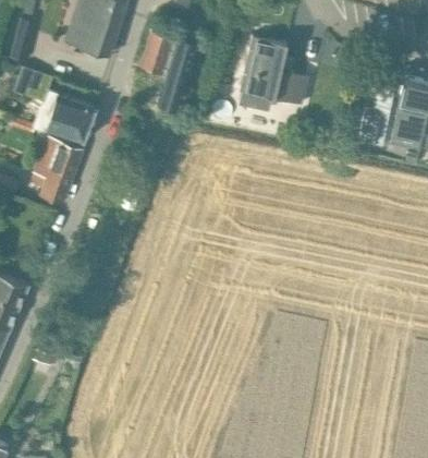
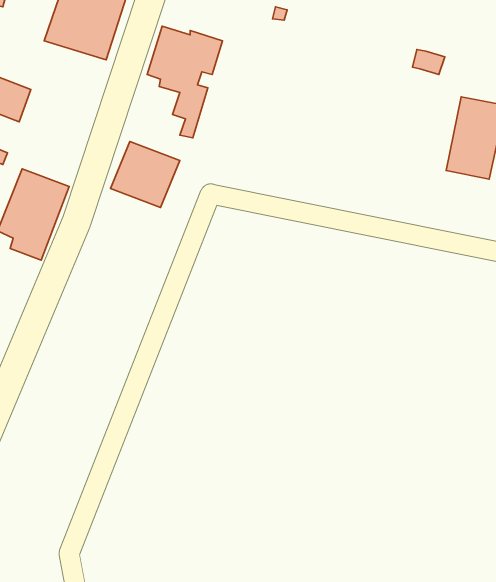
building: [239,35,308,111] -> none
building: [44,94,95,143] -> [111,141,180,208]

